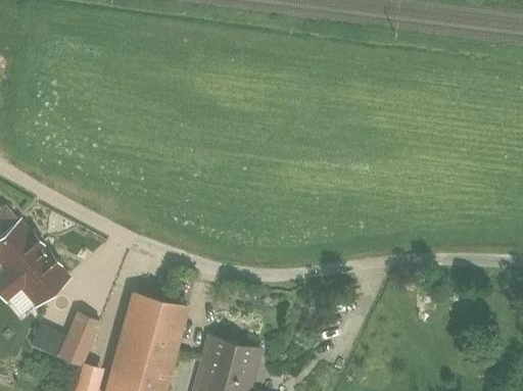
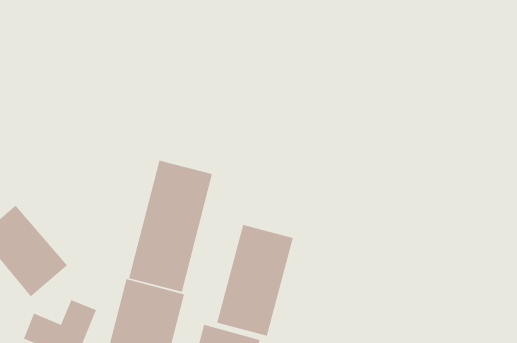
building: none -> [129,160,213,292]
building: none -> [217,224,294,336]

